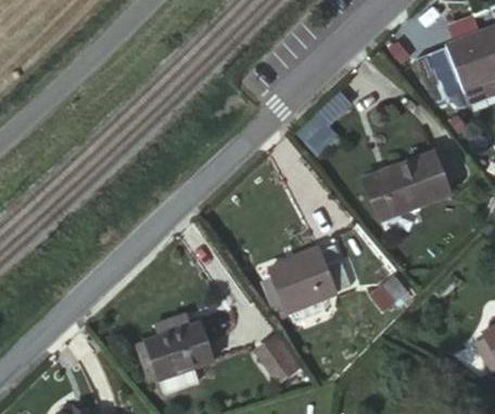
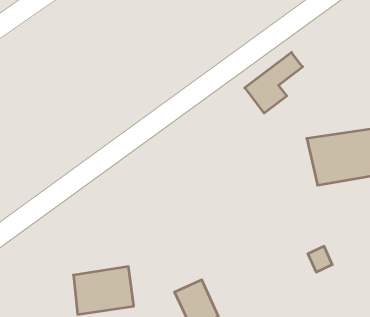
building: [261,242,346,305] -> none

